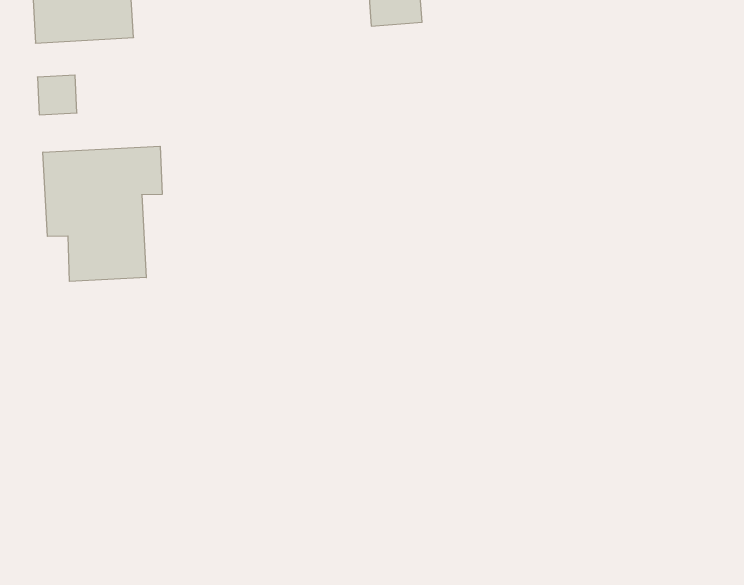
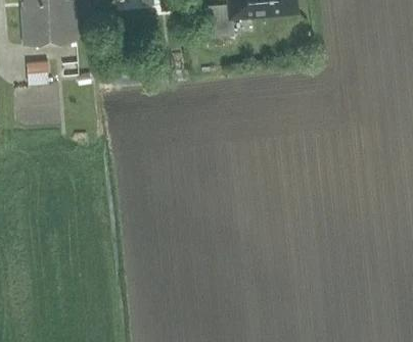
building: [43,146,162,281] -> none

